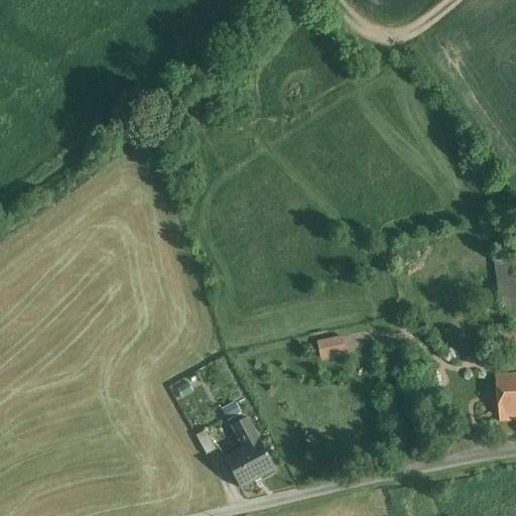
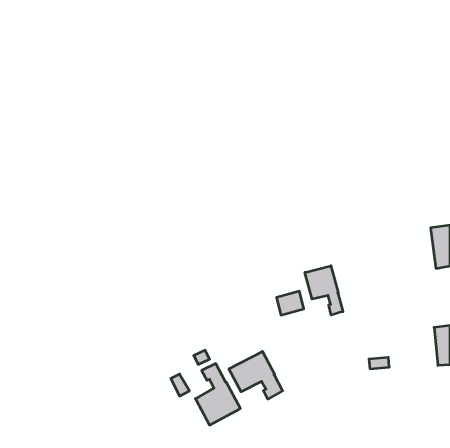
building: none -> [305,266,343,315]
building: none -> [229,351,283,399]

